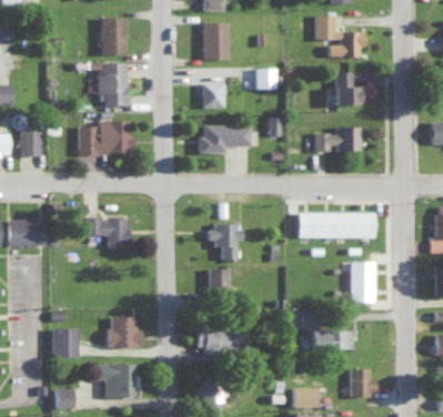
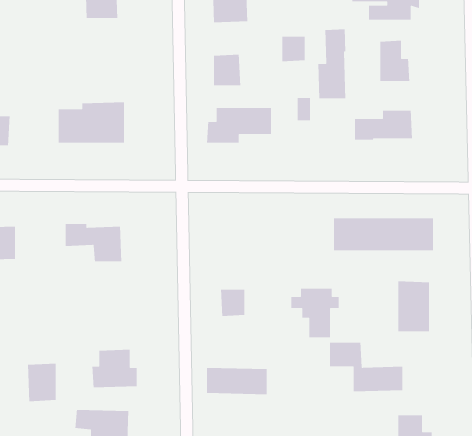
building: none -> [317,29,346,99]
building: [98,63,129,106] -> none
building: [205,224,244,264] -> [290,288,339,338]

